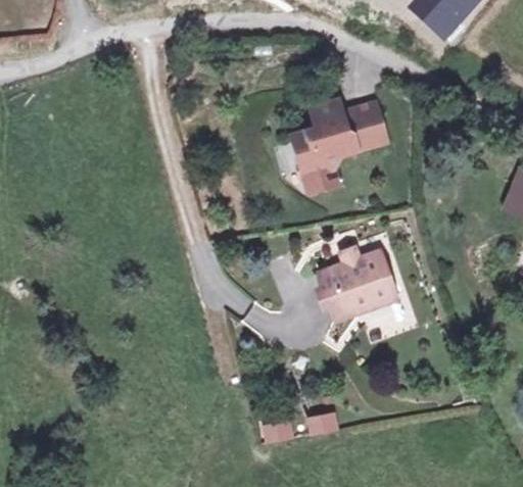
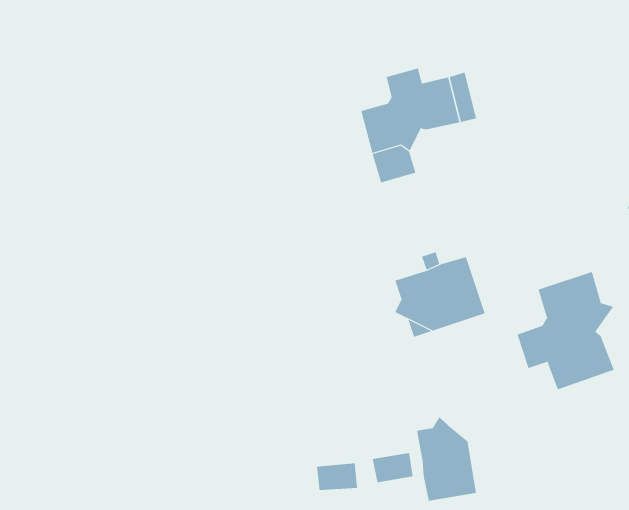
building: none -> [517,271,614,390]
building: none -> [417,417,477,502]

